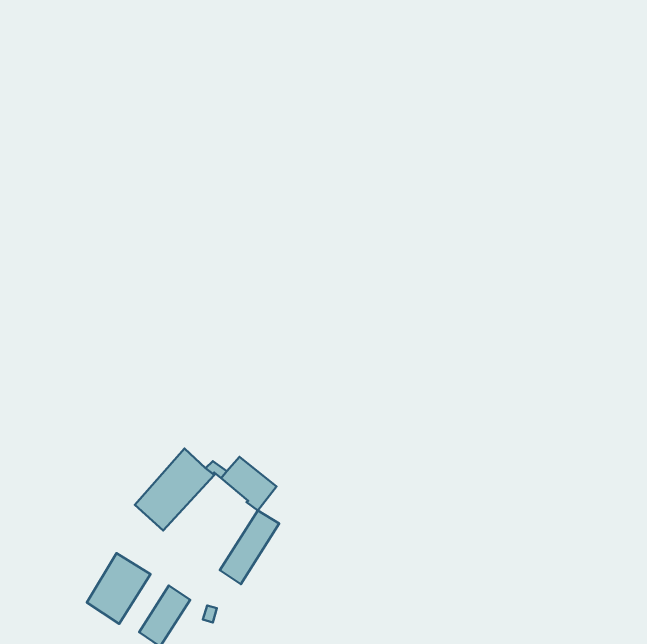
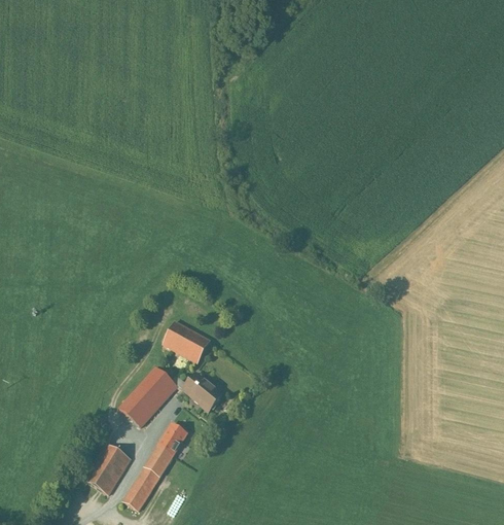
building: none -> [163,320,210,362]
building: [220,511,279,584] -> [144,423,187,477]

